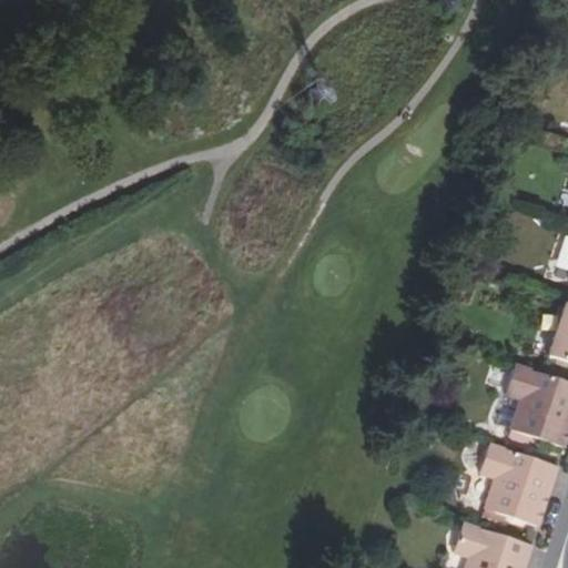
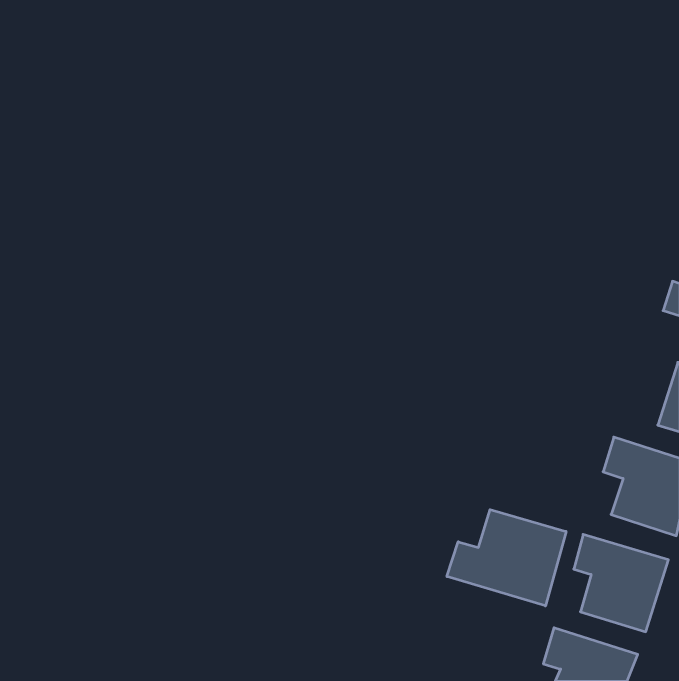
building: none -> [447,510,566,606]

